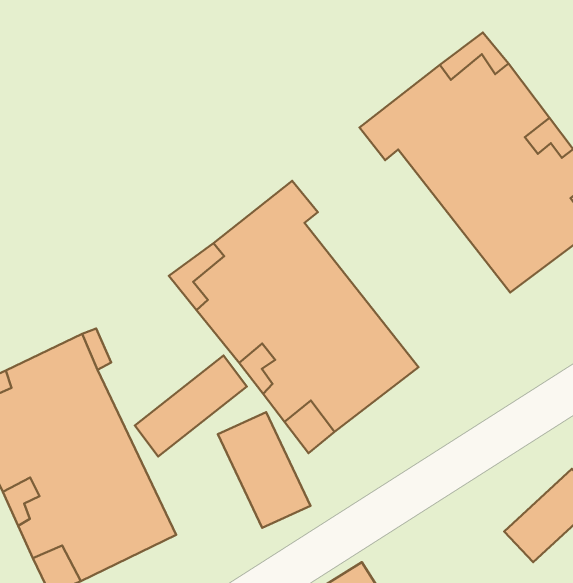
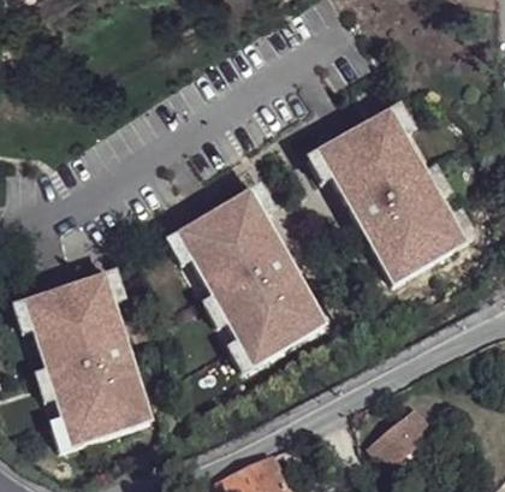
building: [135,356,247,457] -> none
building: [218,412,310,528] -> none

